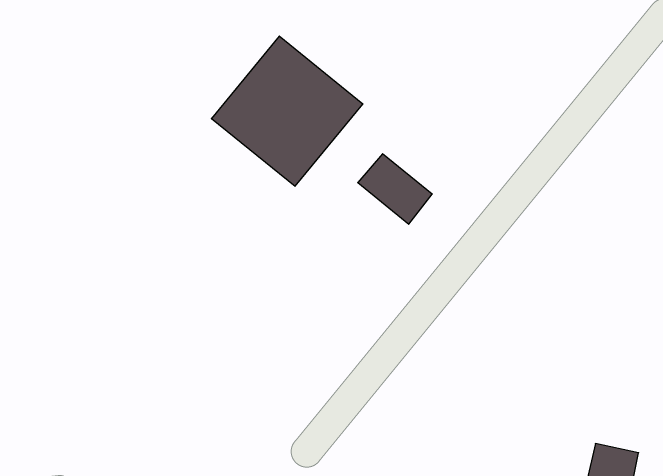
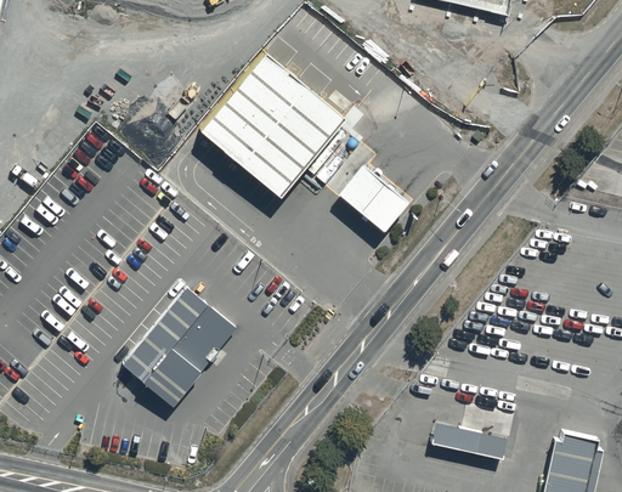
building: none -> [124,288,238,408]
building: none -> [432,420,509,459]

